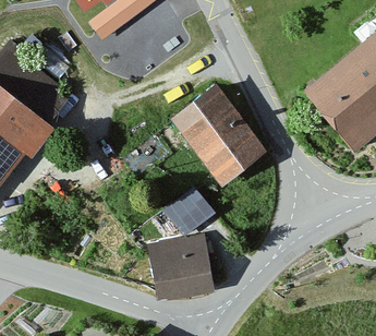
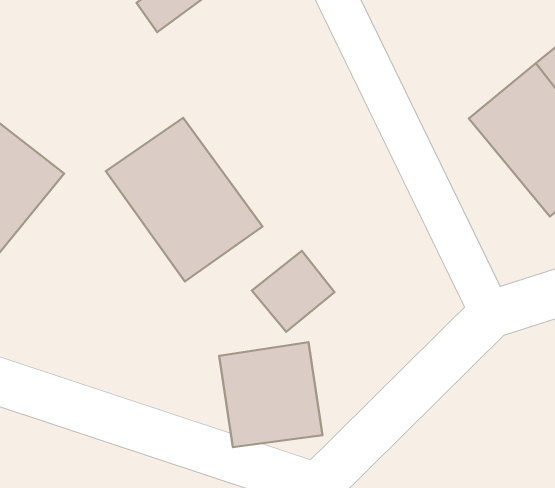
building: [169,85,268,189] -> [106,118,262,282]

